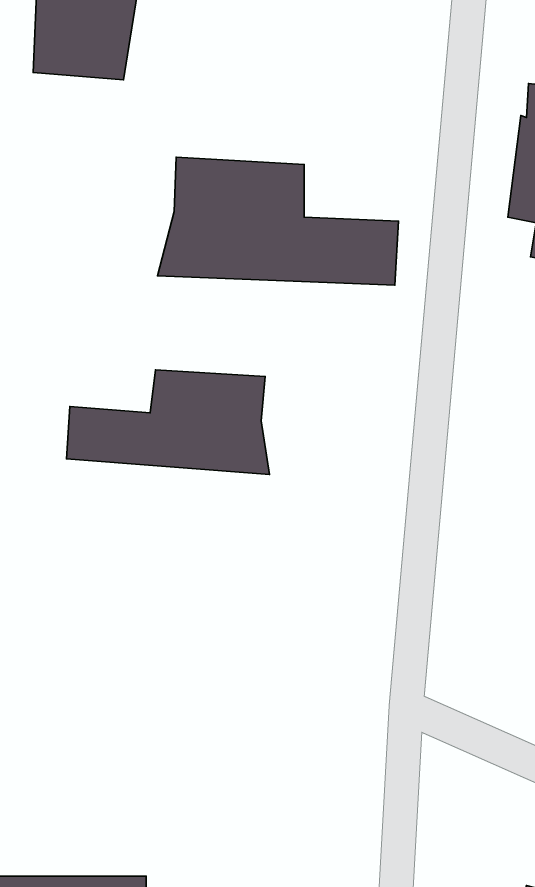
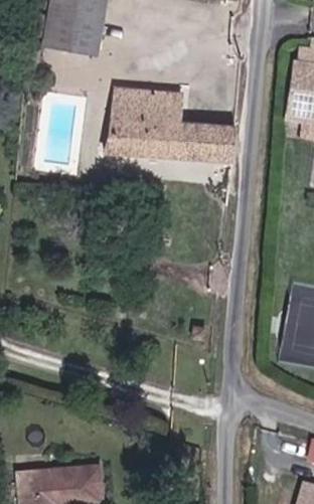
building: [67,370,269,474] -> none

